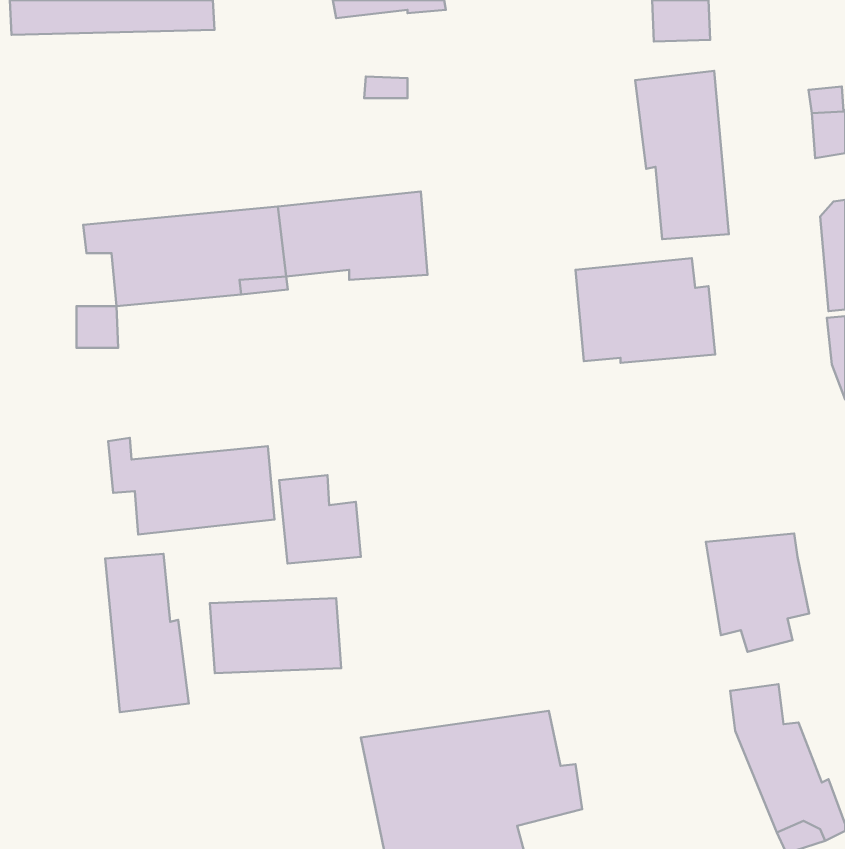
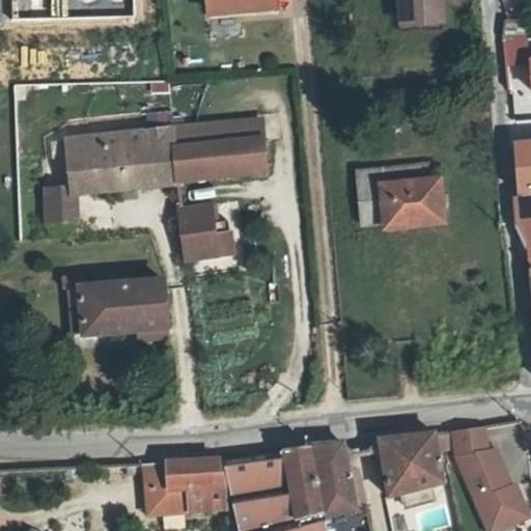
building: [635,71,729,239] -> none
building: [279,475,361,563] -> [181,202,232,257]
building: [706,534,809,652] -> [381,435,445,508]
building: [105,554,189,712] -> none
building: [210,598,341,673] -> [142,460,224,507]

